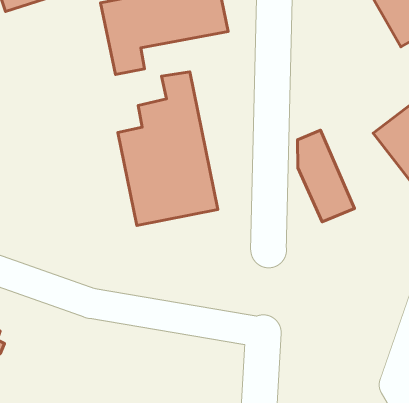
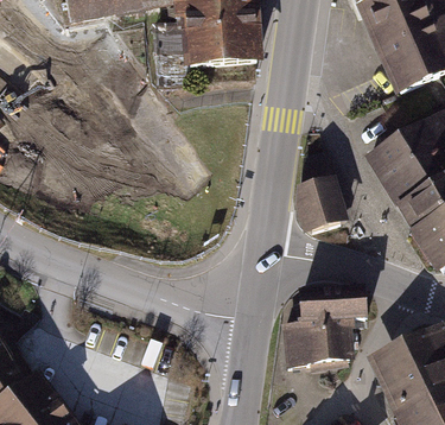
building: [118,72,218,225] -> none
building: none -> [286,290,368,364]

